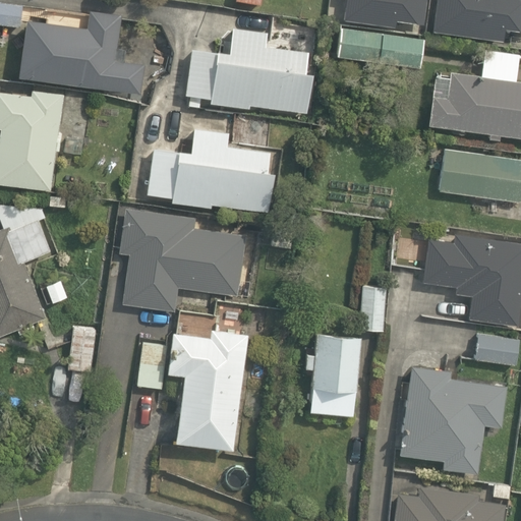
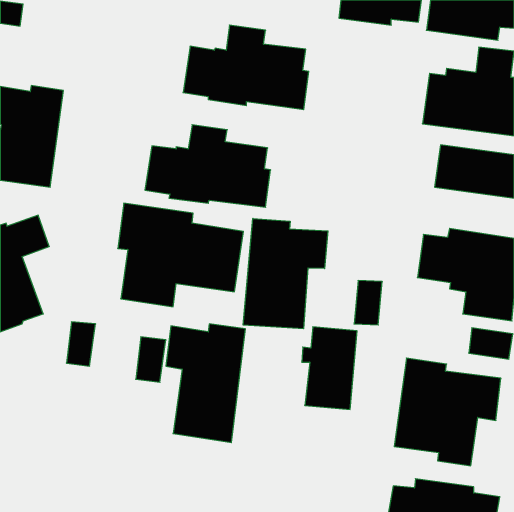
building: [19,10,144,94] -> none
building: [337,28,425,69] -> none
building: none -> [243,218,328,329]

